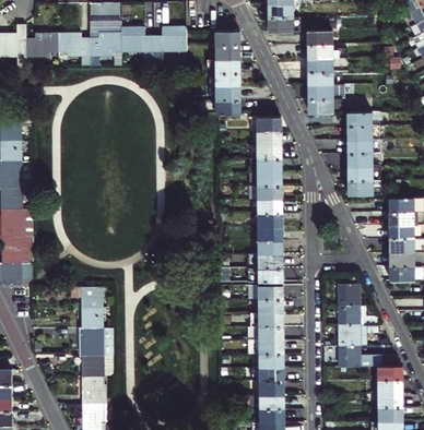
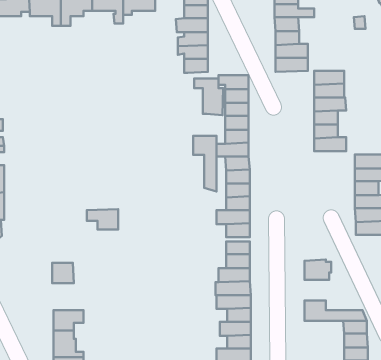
building: none -> [194,78,223,115]
building: none -> [193,136,216,192]
building: [338,284,360,306] -> none
building: [70,287,102,308] -> [87,209,118,229]
building: [338,325,366,346] -> none
building: [79,329,113,356] -> none

